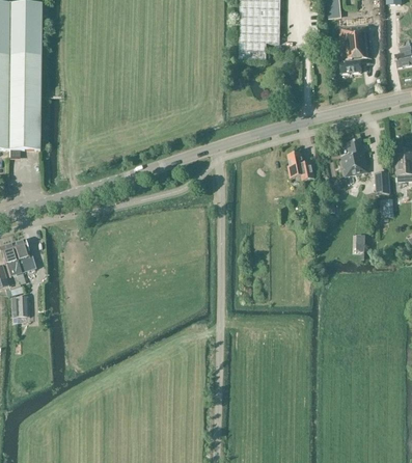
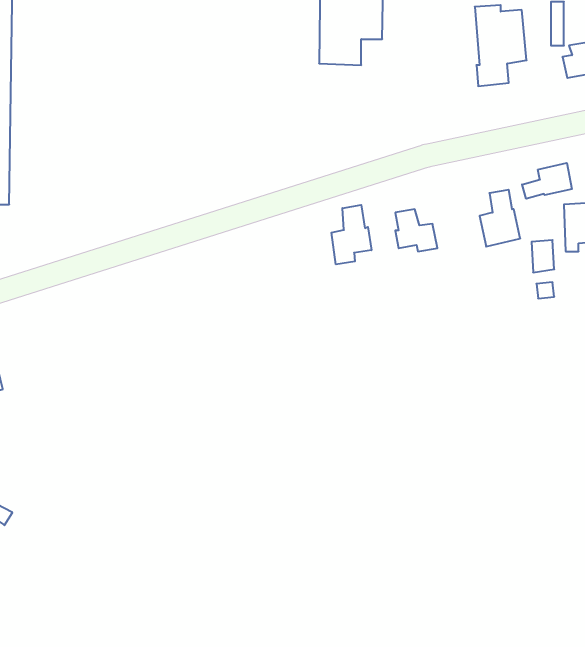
building: none -> [522,163,572,199]
building: none -> [331,205,371,264]

